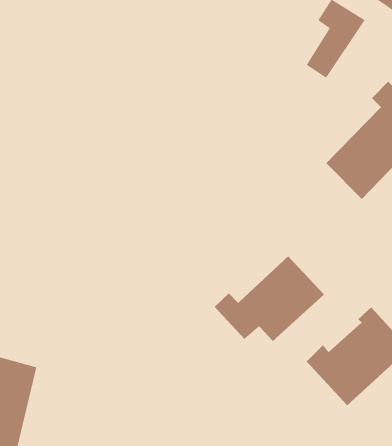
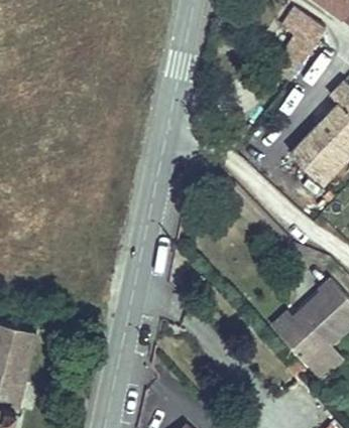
building: [214,255,325,342] -> none

